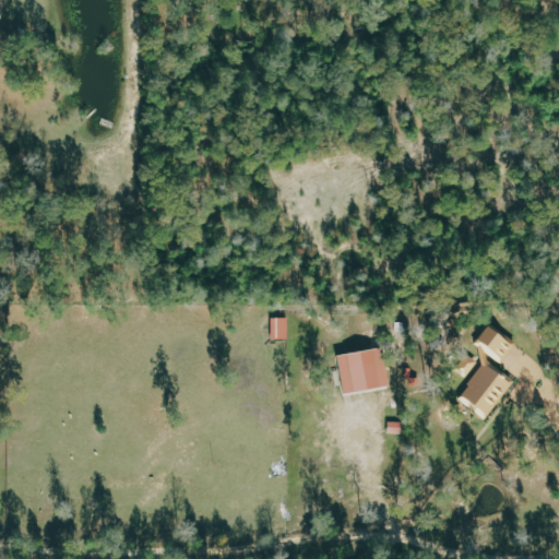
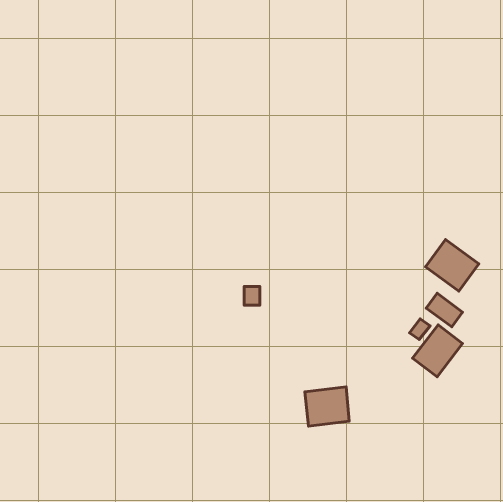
building: none -> [426,240,479,291]
building: [335,348,384,392] -> [305,387,349,426]

